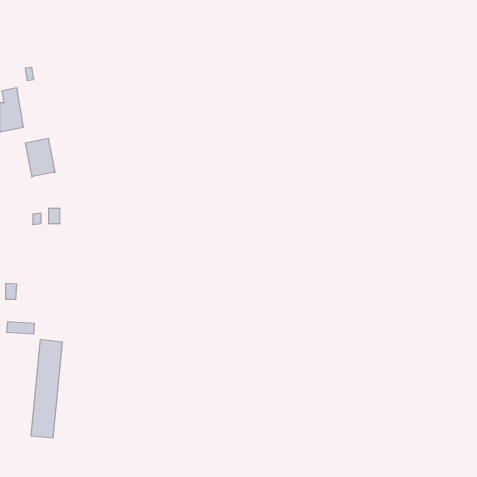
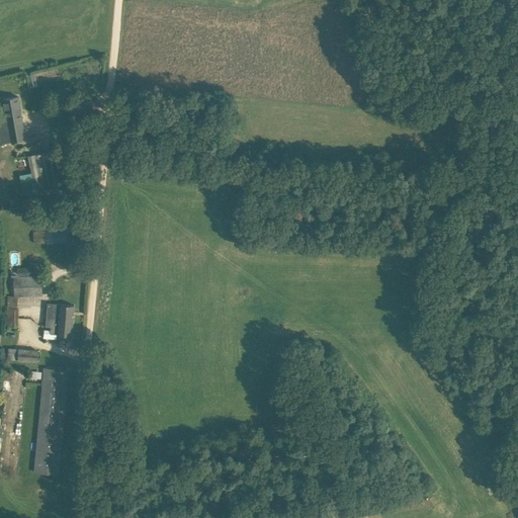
building: none -> [12,276,41,297]
building: none -> [42,304,73,340]

